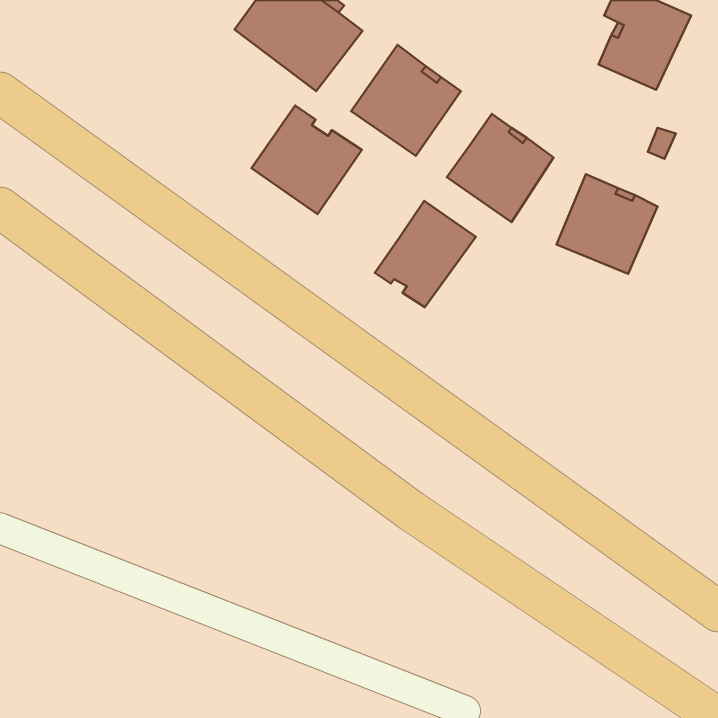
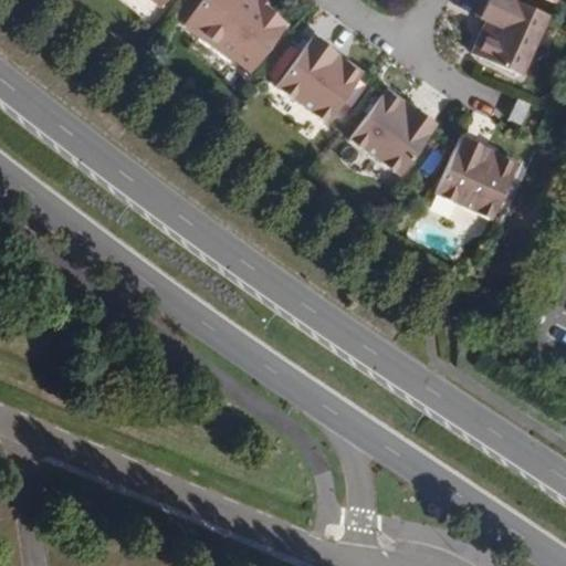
building: [251,106,362,214] -> none
building: [375,201,476,307] -> none

